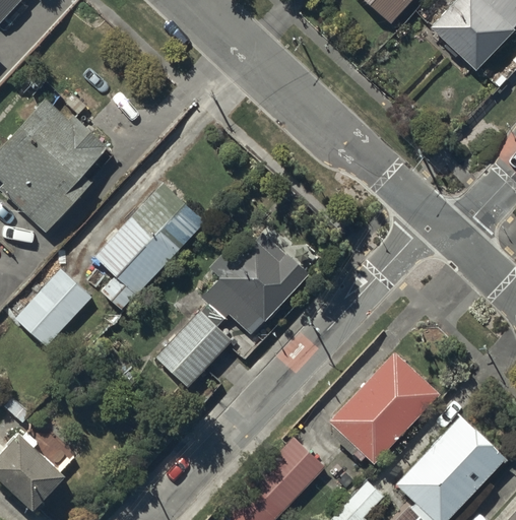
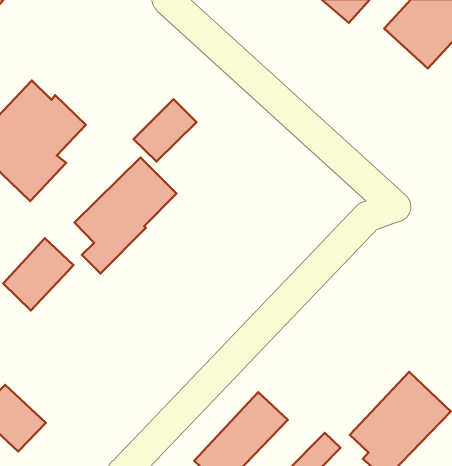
building: none -> [133,99,197,161]
building: [158,239,308,384] -> none
building: [329,352,440,465] -> none

